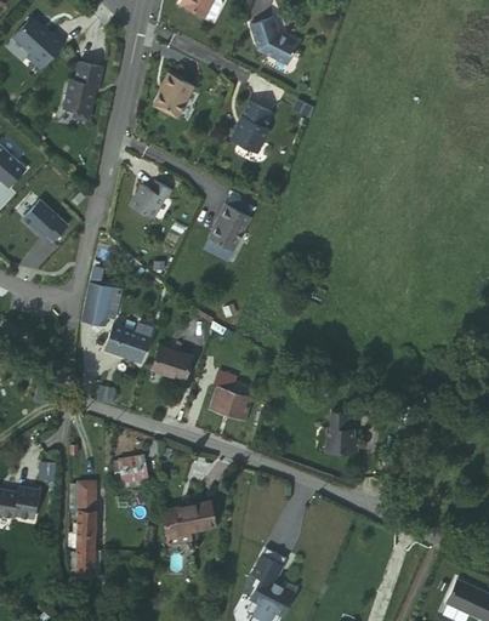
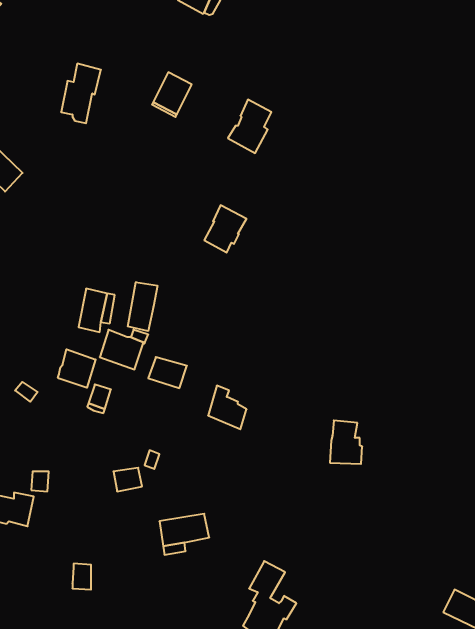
building: [249,15,297,62] -> none
building: [16,17,67,70] -> none
building: [129,178,169,216] -> none
building: [19,199,64,240] -> none
building: none -> [128,282,157,331]
building: none -> [58,349,96,388]
building: [78,497,96,552] -> none

